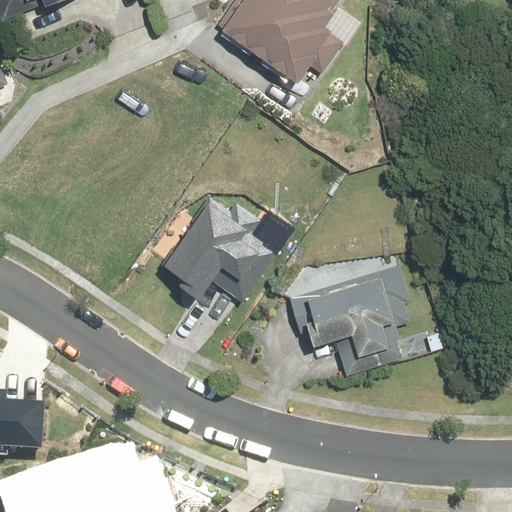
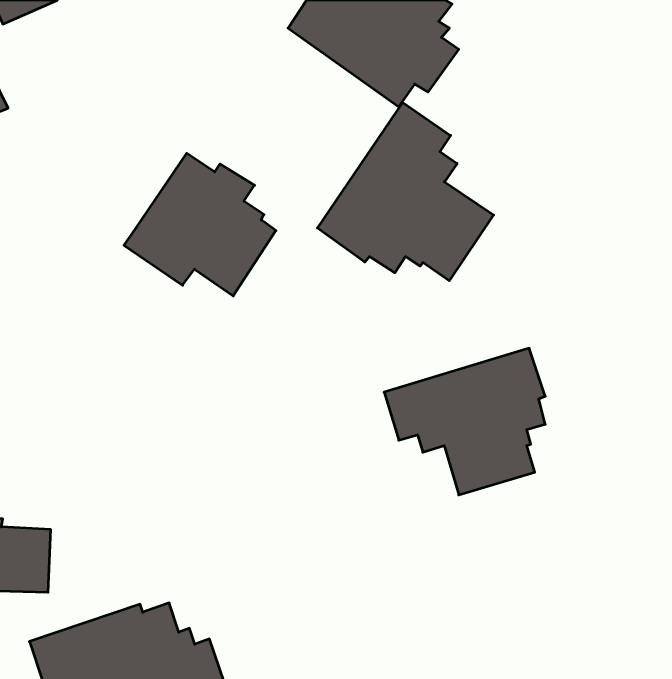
building: none -> [317,103,494,281]
building: [160,194,274,301] -> [124,153,276,296]

